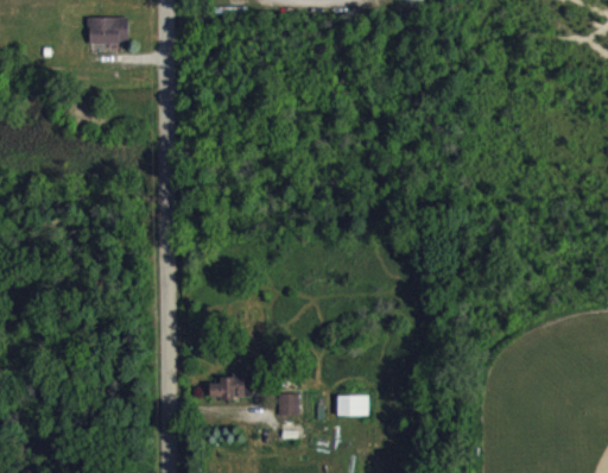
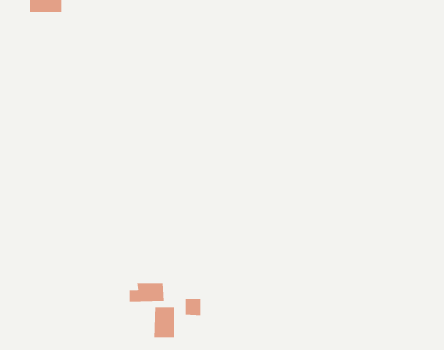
building: [336,396,368,416] -> none
building: none -> [154,307,175,338]

